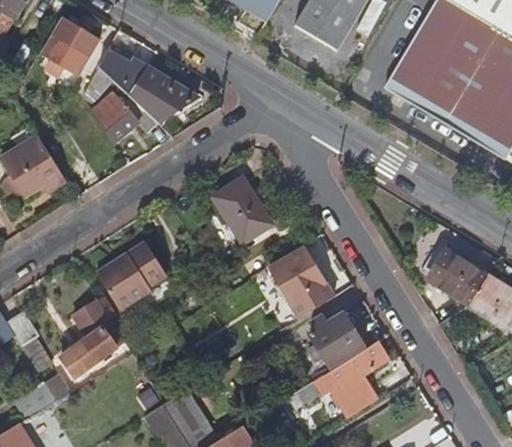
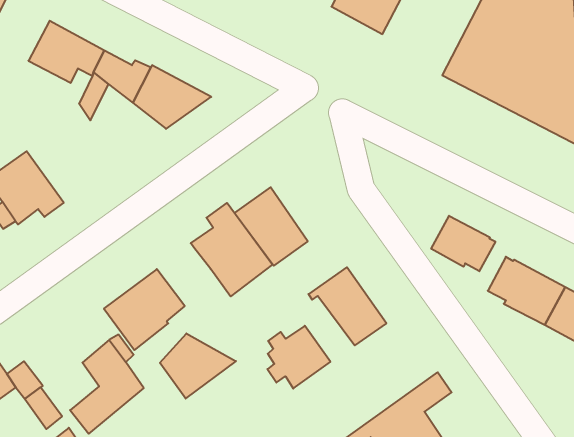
building: [95,96,157,143] -> none
building: none -> [191,203,272,296]
building: none -> [431,216,495,271]
building: none -> [160,333,236,399]
building: [309,314,363,367] -> [267,326,330,389]

